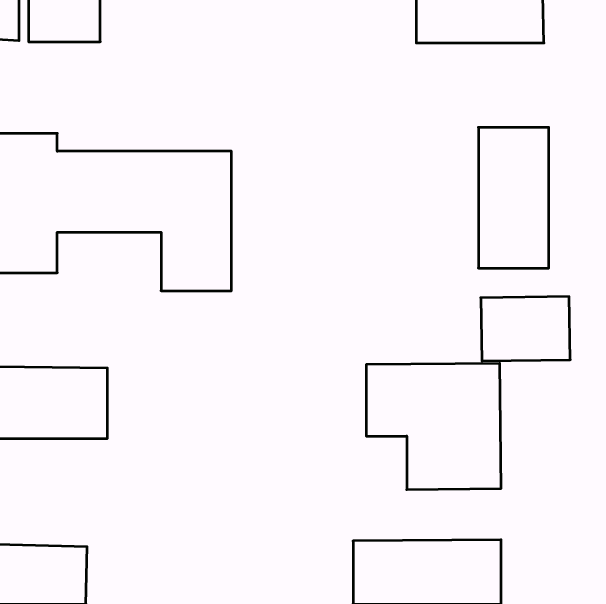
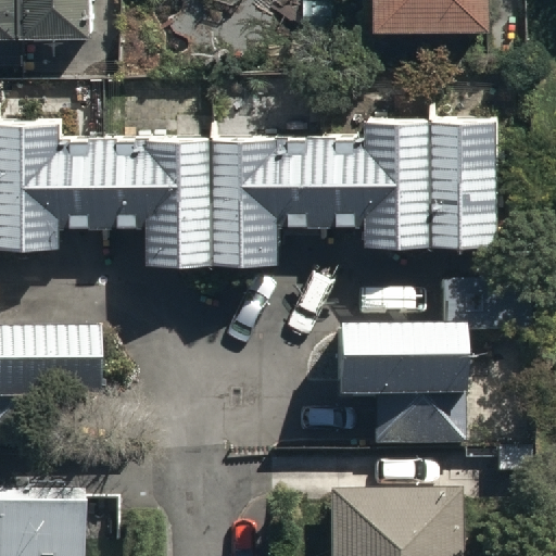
building: none -> [214,116,432,266]

